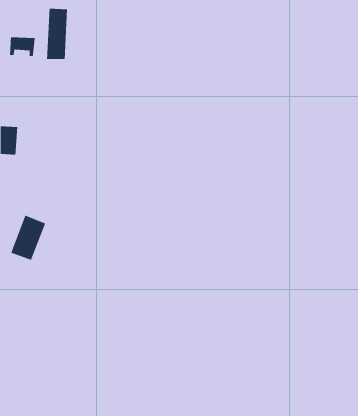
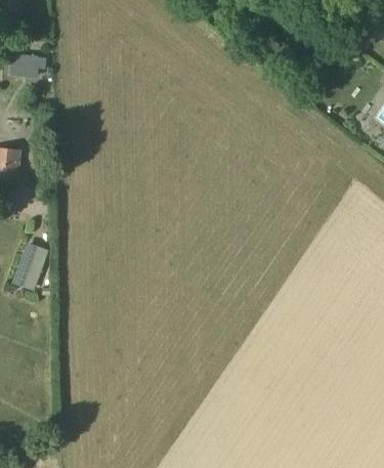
building: [46,8,68,60] -> none

